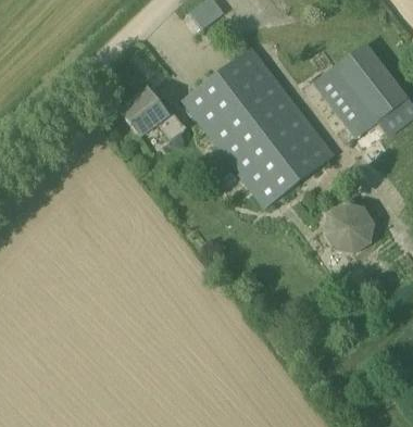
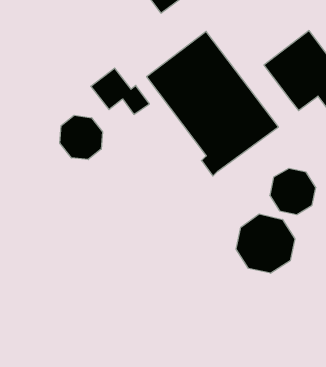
building: none -> [60,115,103,160]
building: none -> [236,214,295,273]

